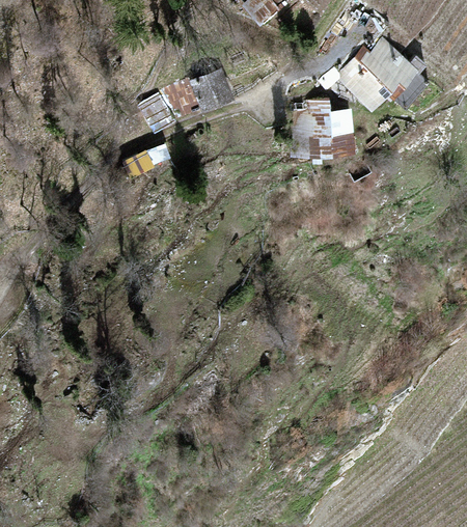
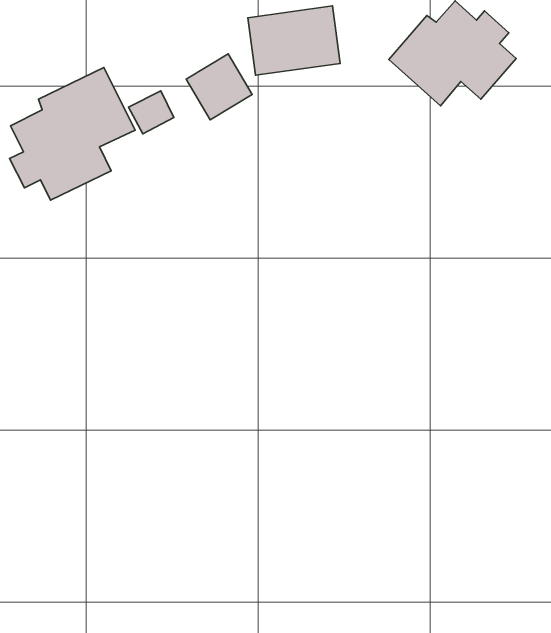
building: none -> [10,68,135,200]
building: [292,114,356,161] -> [248,6,340,75]

